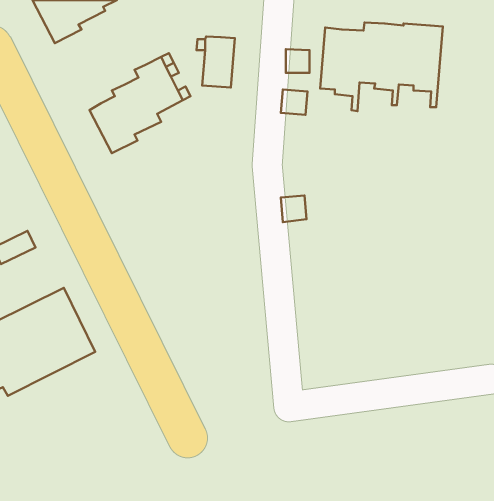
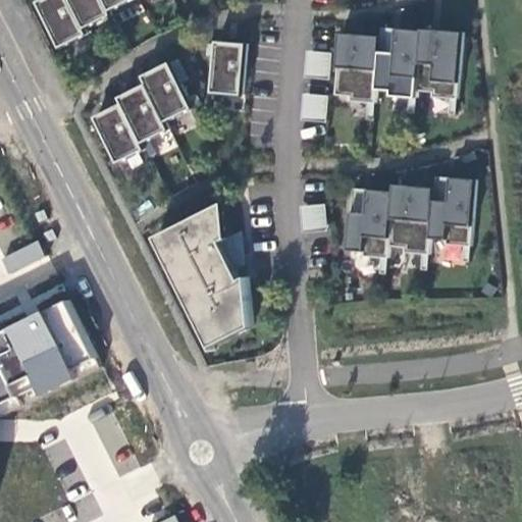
building: none -> [346,174,474,272]
building: none -> [149,208,245,351]

